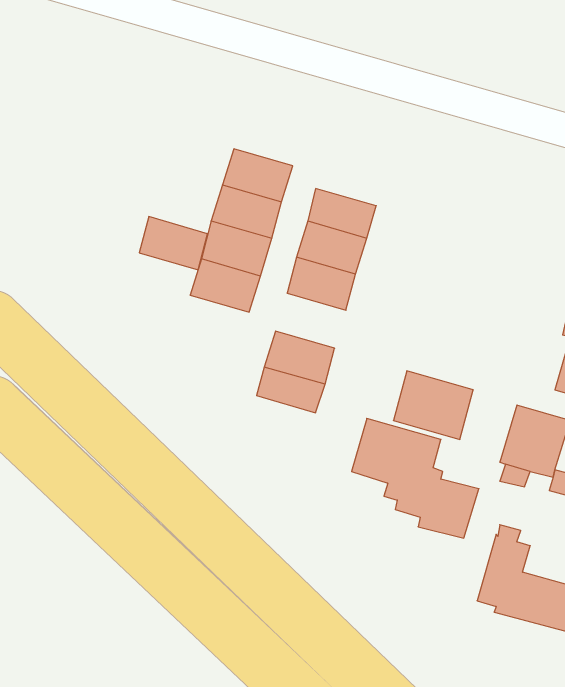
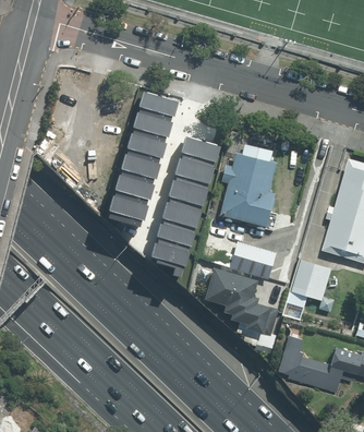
building: none -> [138,92,178,122]
building: none -> [219,144,275,228]
building: [139,217,208,270] -> [108,196,147,227]
building: none -> [162,195,203,227]

